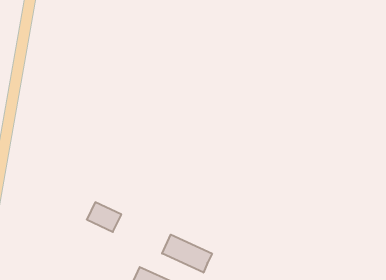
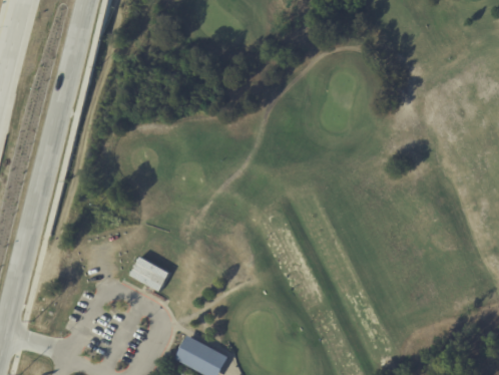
building: [162,235,212,273] -> none

